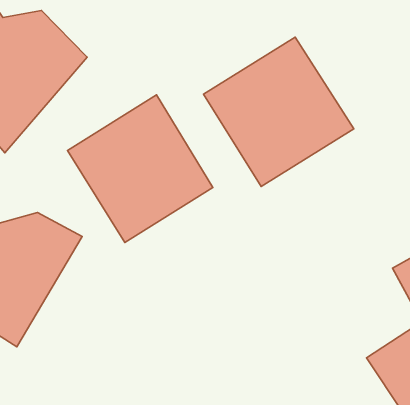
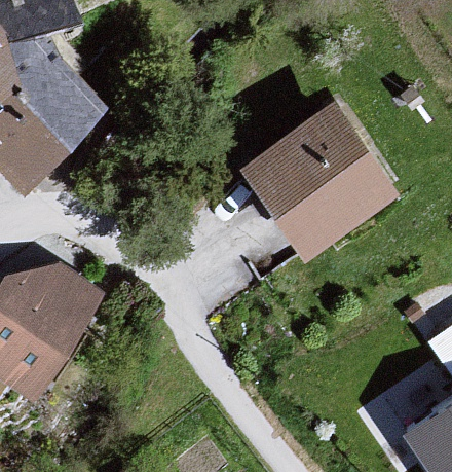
building: [67,95,213,243] -> none

